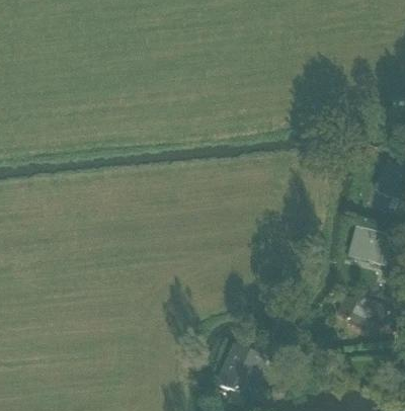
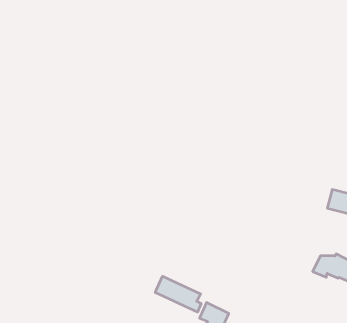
building: none -> [155,276,201,312]

